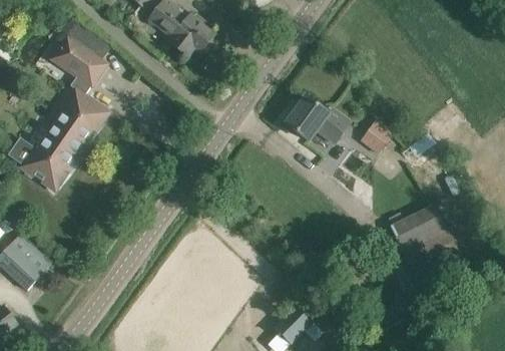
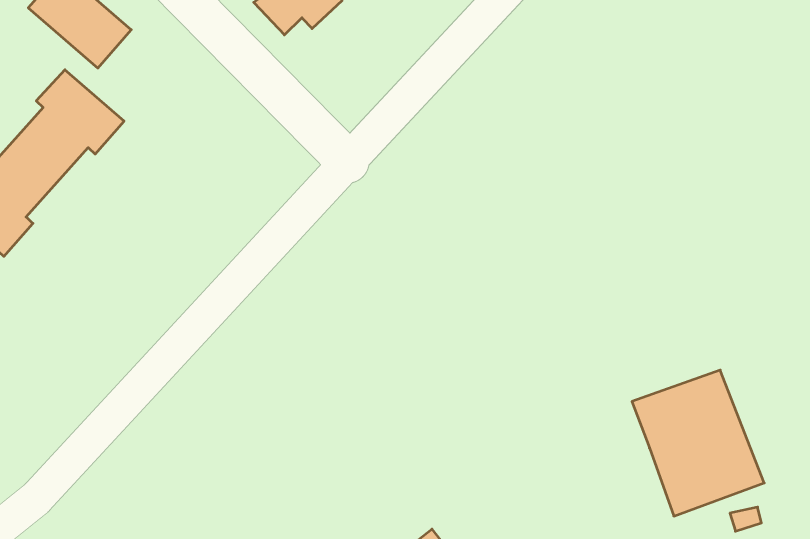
building: [280,97,350,143] -> none
building: [360,117,395,153] -> none

